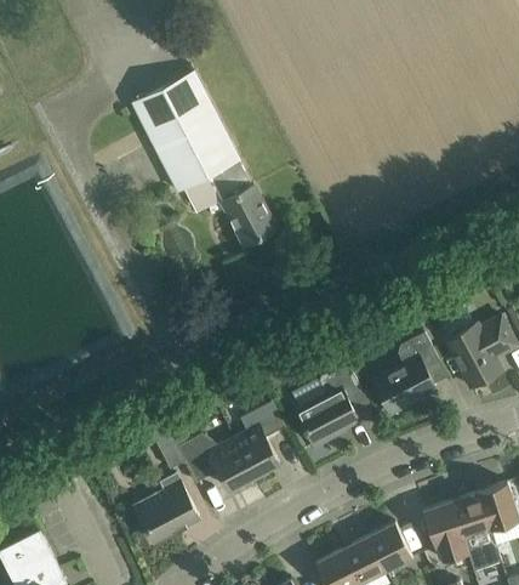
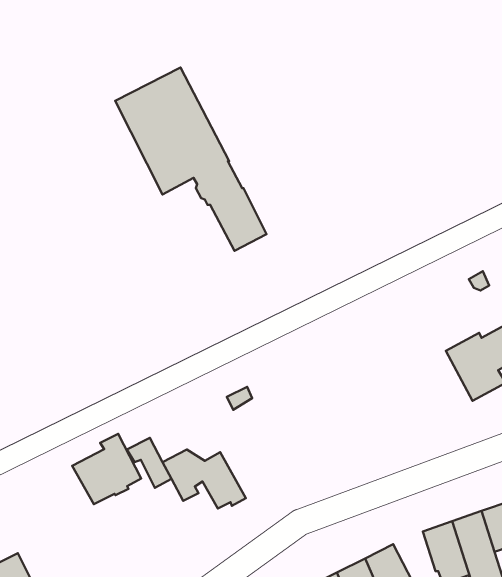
building: [373,333,439,414] -> none
building: [296,362,361,448] -> none
building: [232,405,279,479] -> none
building: [133,475,199,541] -> [72,434,141,504]

